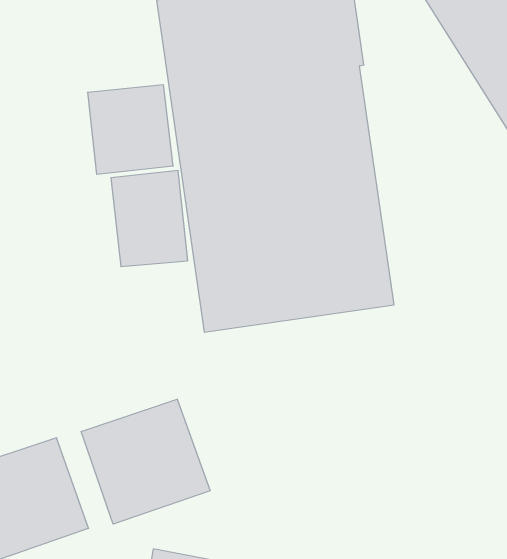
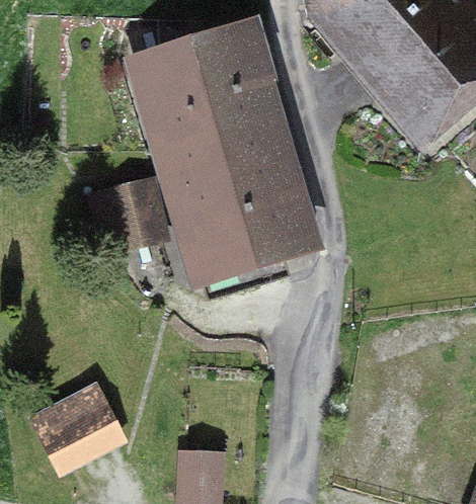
building: [88,85,173,174] -> none
building: [81,399,210,524] -> none

